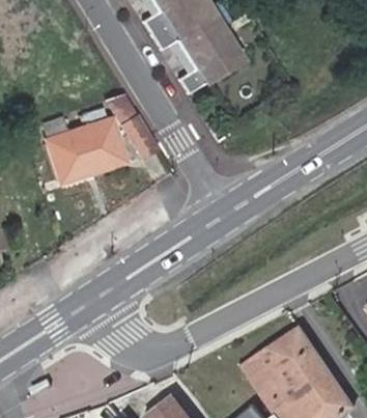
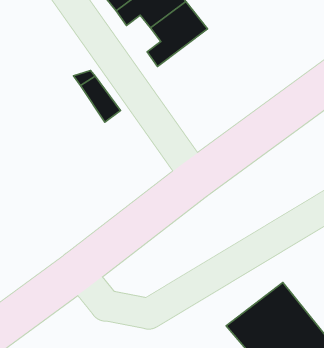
building: [40,117,120,177] -> none

